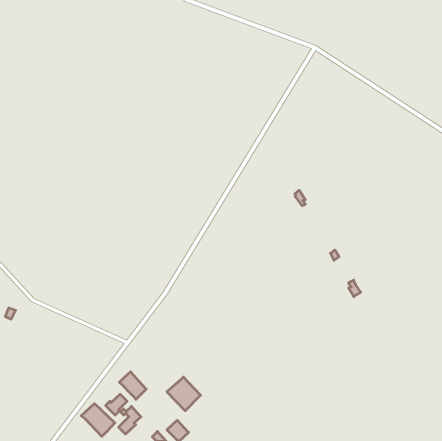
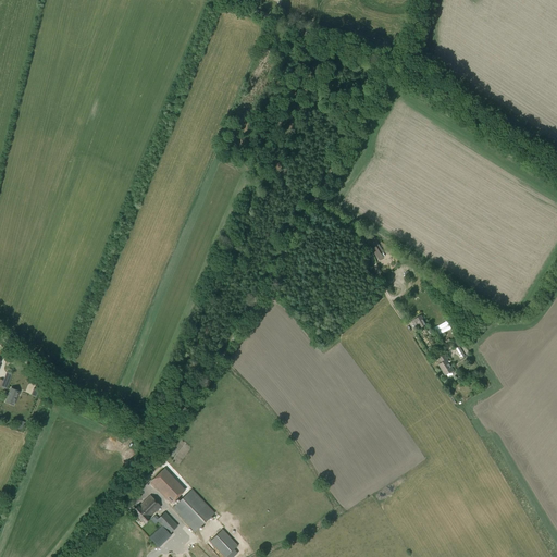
building: [167,377,201,411] -> [172,488,214,531]
building: [81,404,115,436] -> none

